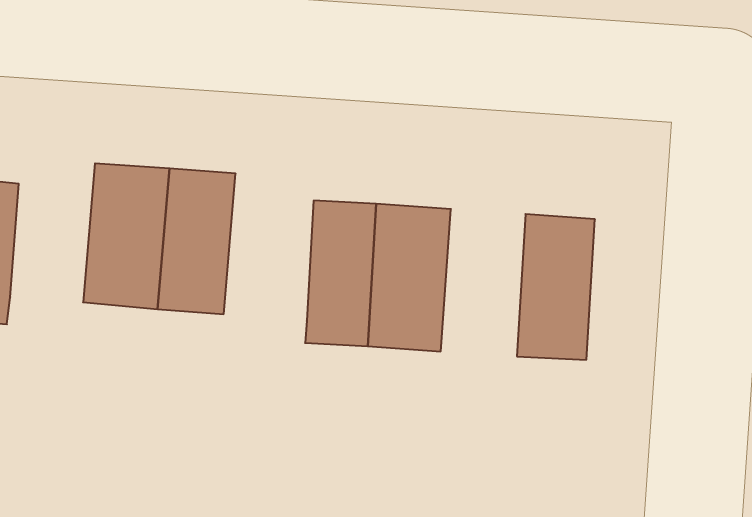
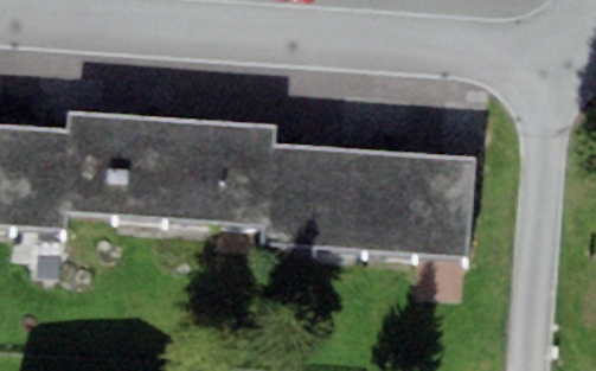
building: none -> [60,113,120,215]
building: none -> [210,124,274,228]
building: none -> [361,149,421,252]

